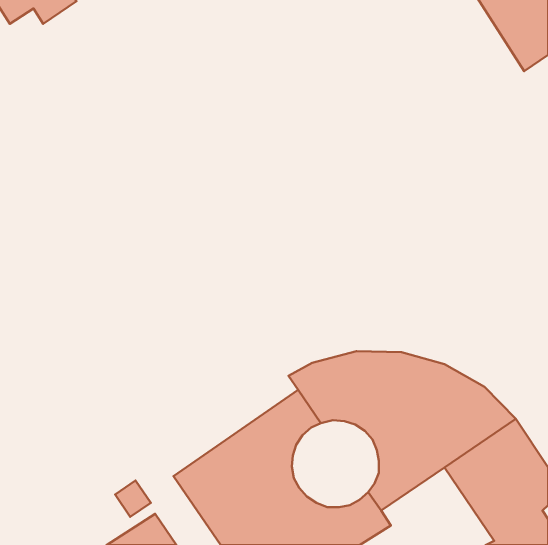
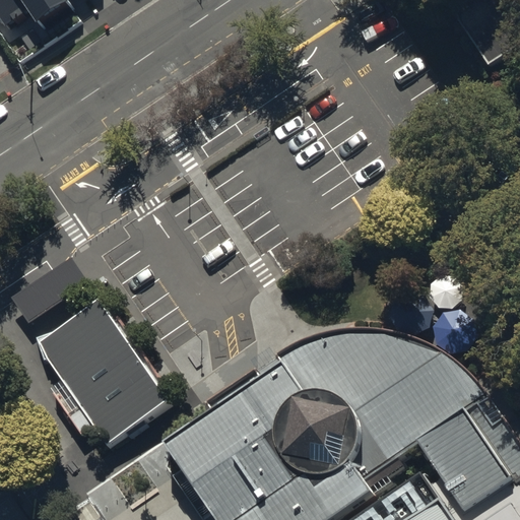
building: none -> [37,303,167,444]
building: none -> [275,396,358,478]

